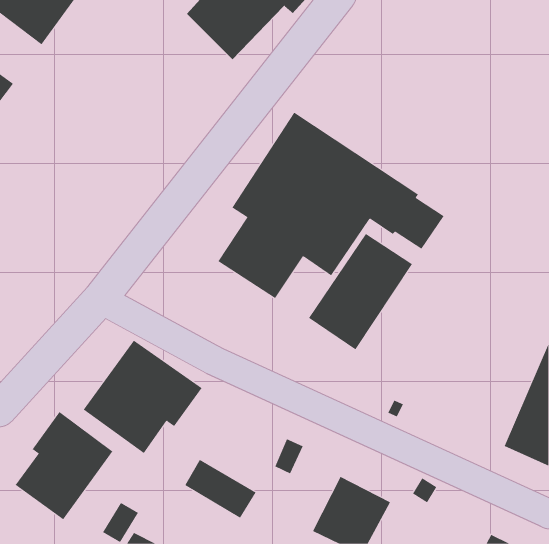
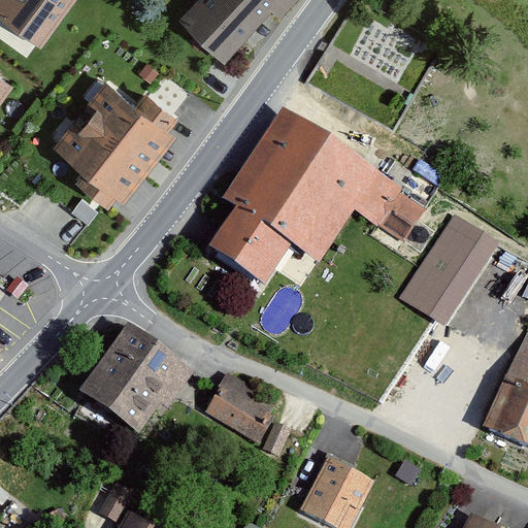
building: none -> [52,76,177,202]
building: [308,233,413,350] -> [398,214,498,327]
building: [15,411,113,520] -> none
building: [185,459,257,518] -> [205,386,274,442]

